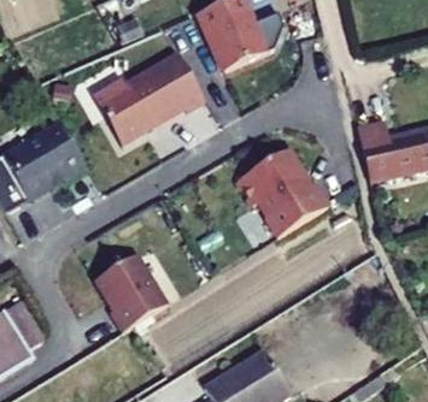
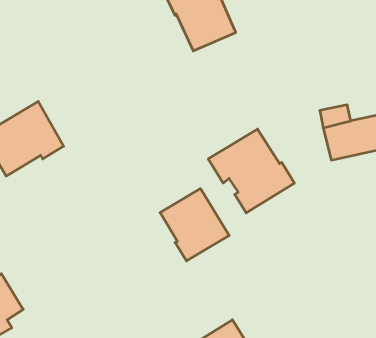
building: [93,52,205,143] -> none
building: [95,255,168,331] -> [160,189,229,261]

